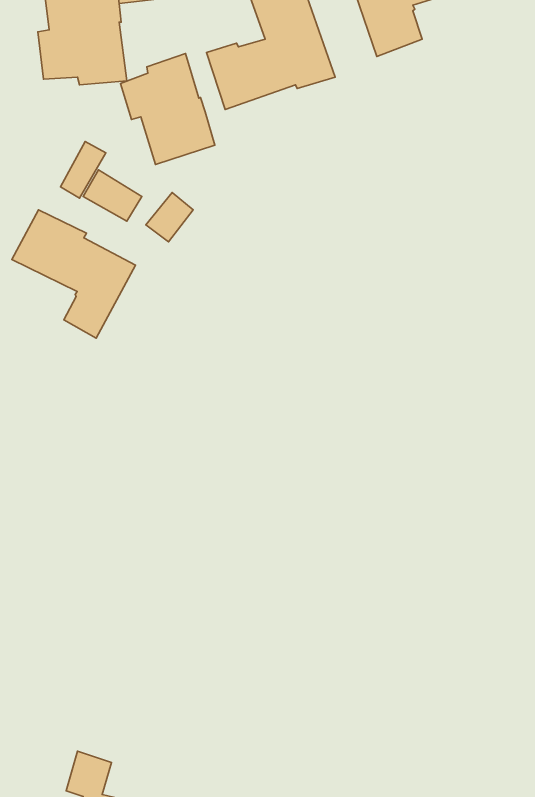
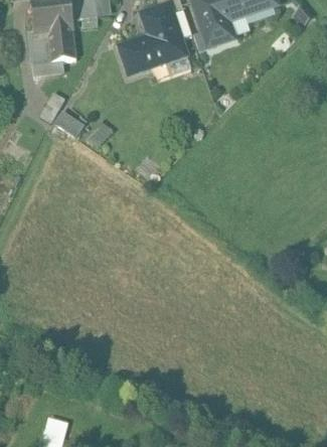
building: [120,53,215,165] -> none
building: [12,210,135,338] -> none

